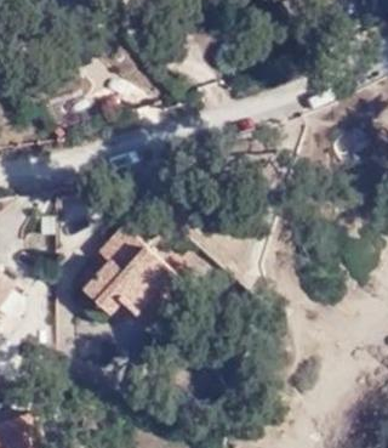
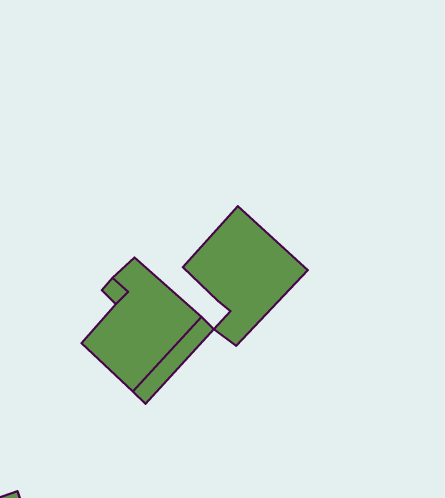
building: none -> [183,206,308,346]

